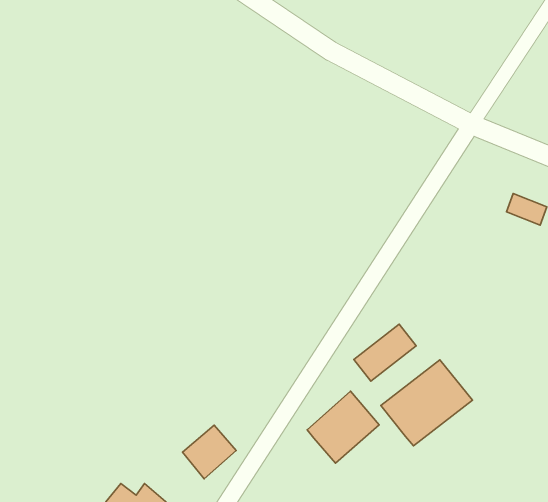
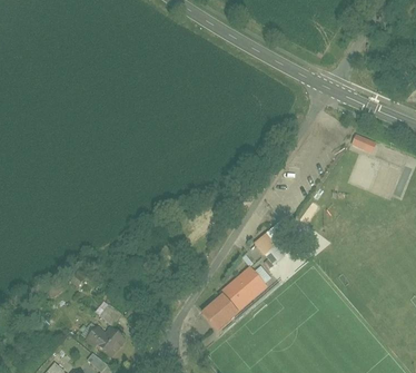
building: [381,360,472,446] -> none
building: [182,425,236,479] -> [204,294,239,330]

